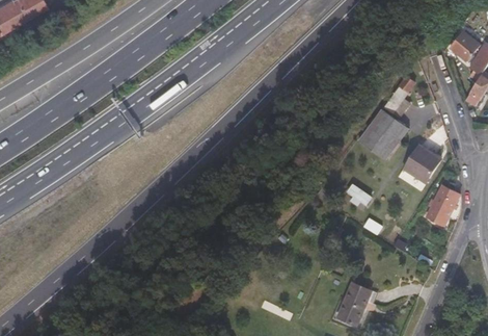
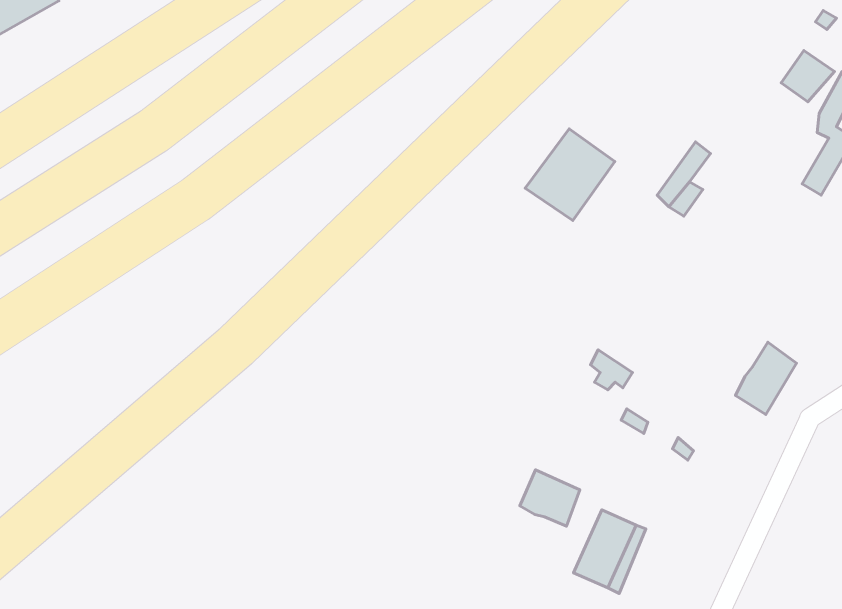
building: [356,113,405,163] -> [525,129,615,220]
building: [402,146,437,183] -> none
building: none -> [520,470,580,526]

